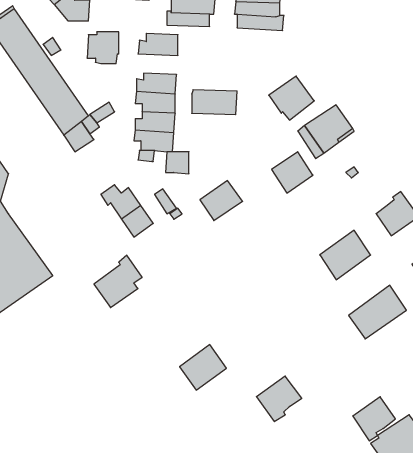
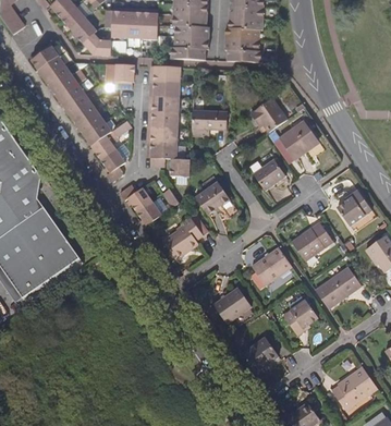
building: none -> [147,81,179,97]
building: none -> [97,148,122,181]
building: [94,255,142,308] -> [163,216,201,257]
building: none -> [251,245,291,283]
building: [180,345,226,390] -> [212,287,249,322]
building: [353,397,395,441] -> [283,297,317,332]

